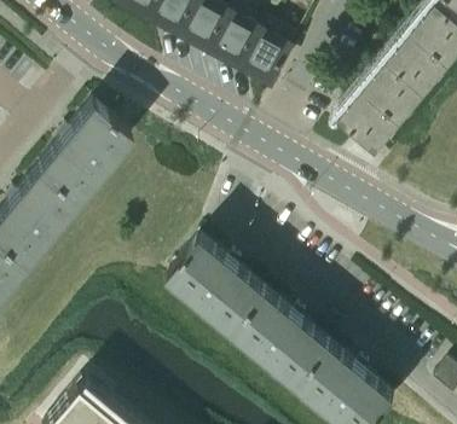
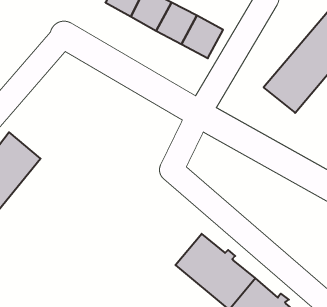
building: [37,108,129,205] -> none
building: [170,242,267,332] -> none

